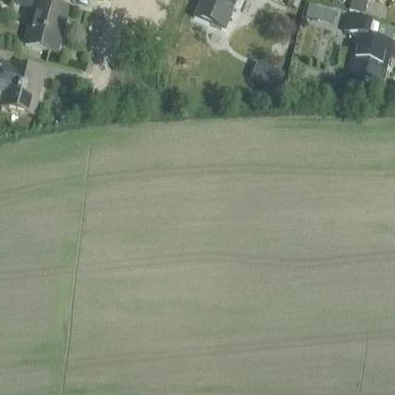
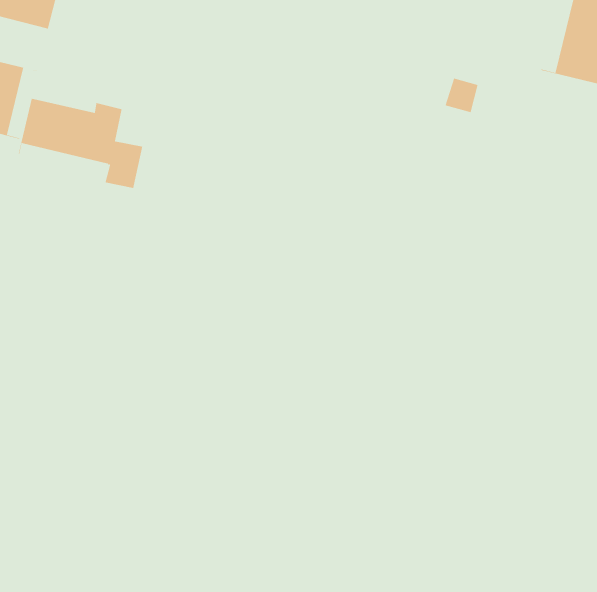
building: none -> [18,98,143,189]

